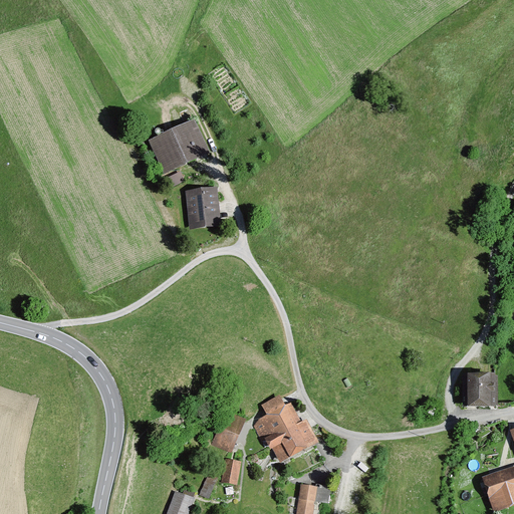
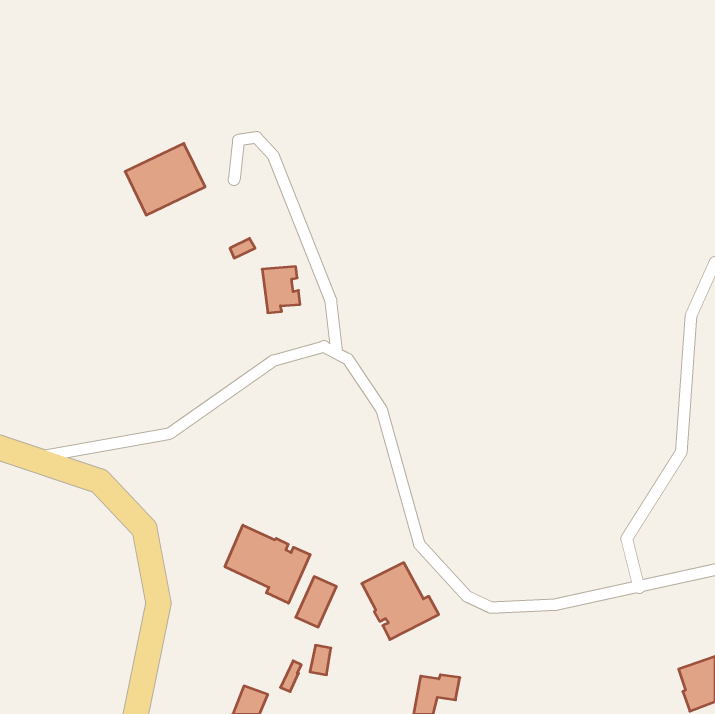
building: [150,120,207,172] -> [125,143,205,215]
building: none -> [225,525,310,603]
building: [466,376,496,402] -> none

